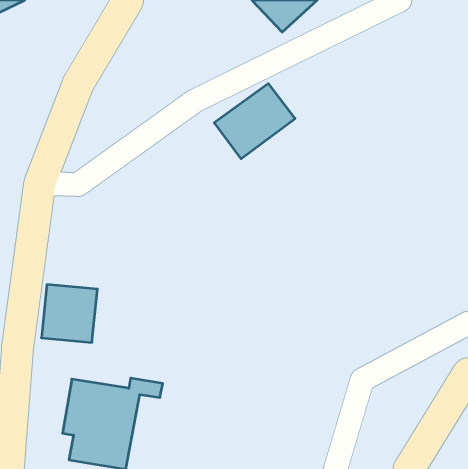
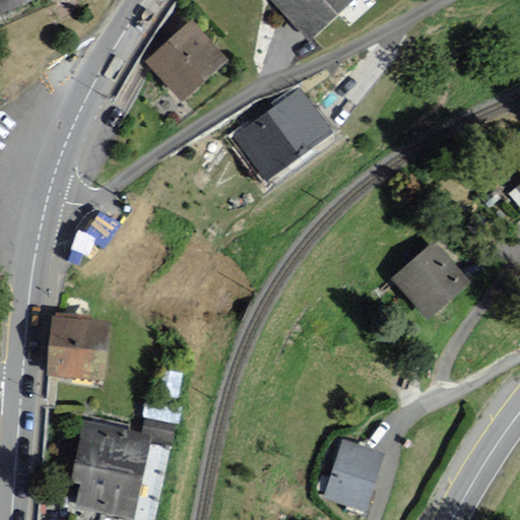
building: none -> [143,18,229,105]
building: none -> [398,248,462,312]
building: none -> [325,442,379,507]

